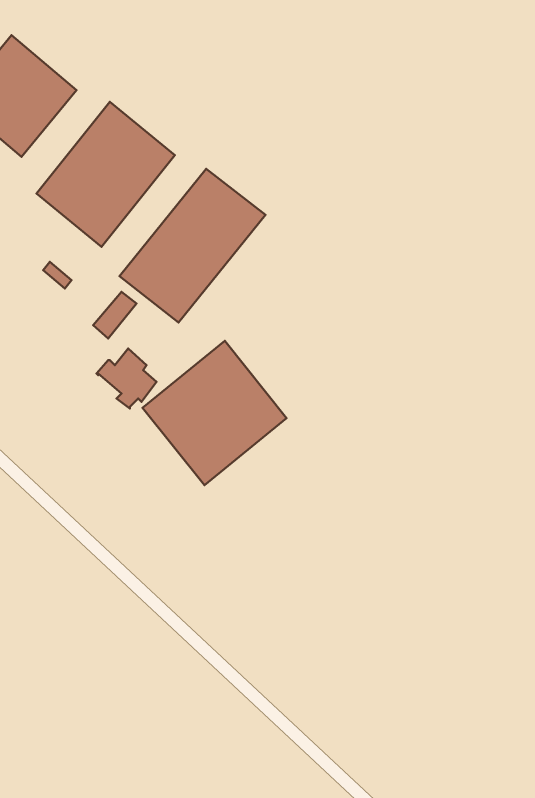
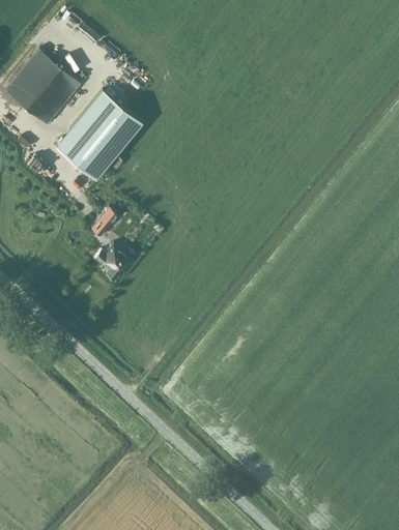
building: [119,169,265,322] -> none
building: [142,341,287,485] -> none

